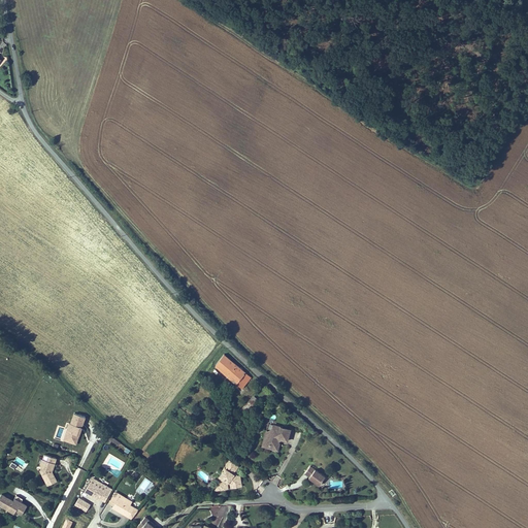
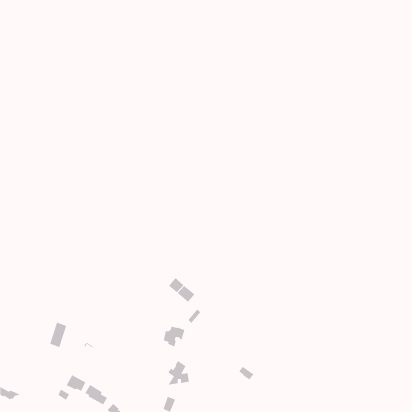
building: [261,426,290,454] -> [163,326,185,347]
building: [38,453,57,486] -> none

